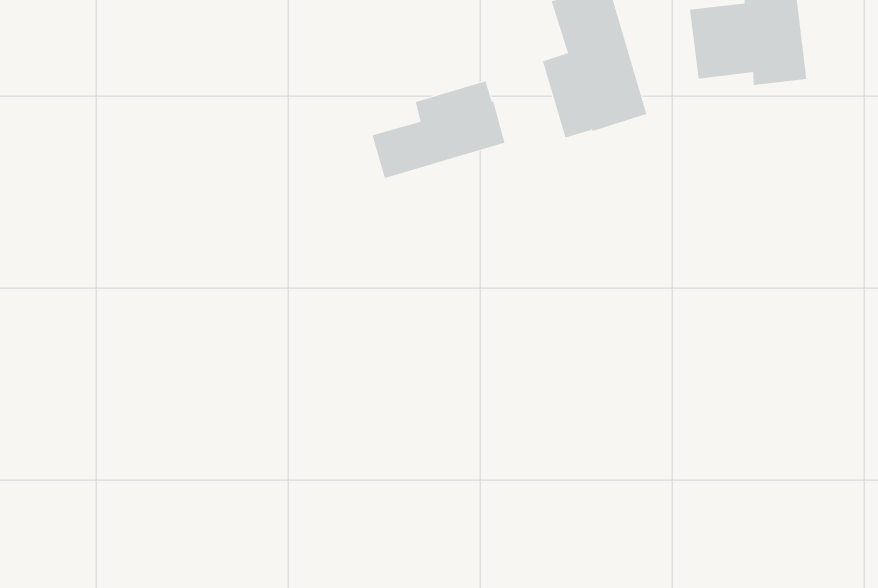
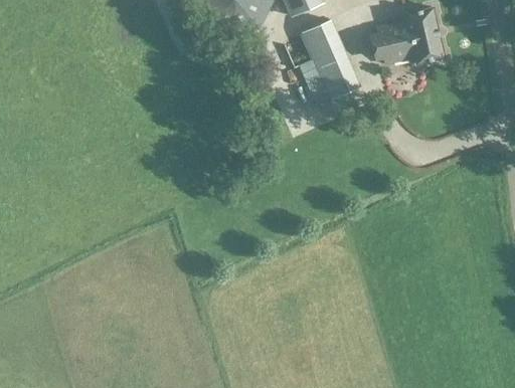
building: [372,81,505,179] -> none

